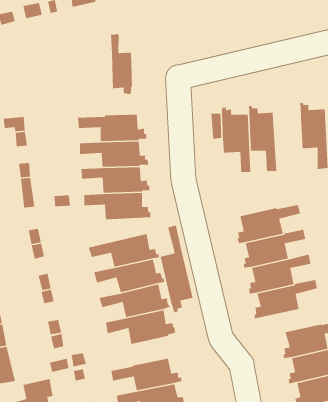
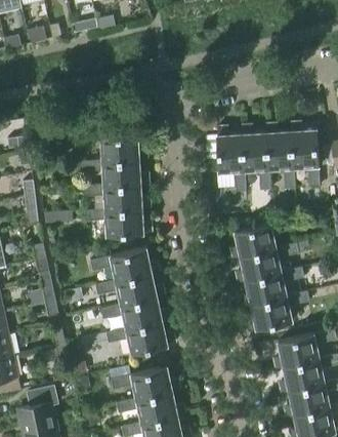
building: [110,33,133,95] -> none
building: none -> [265,123,294,189]
building: [160,224,193,314] -> none

